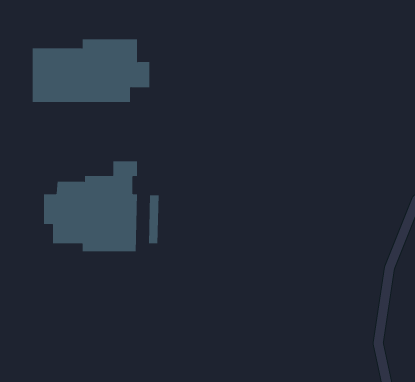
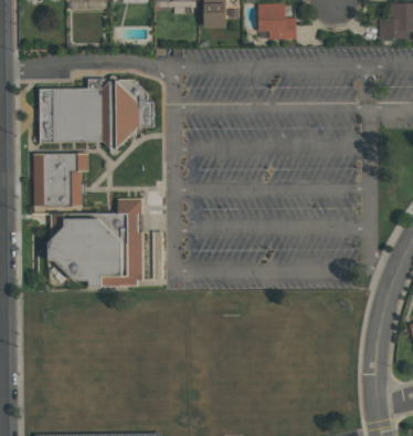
building: none -> [33,153,87,207]

